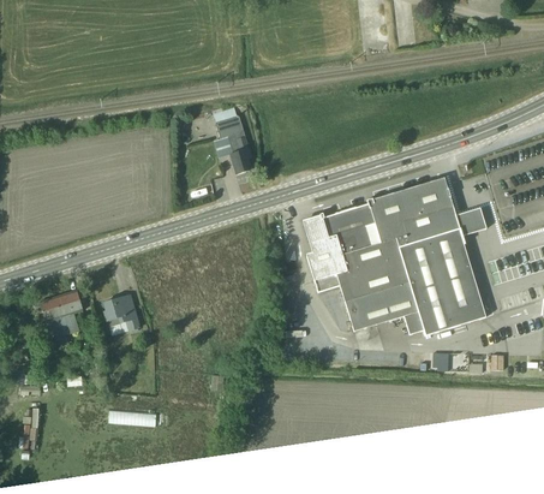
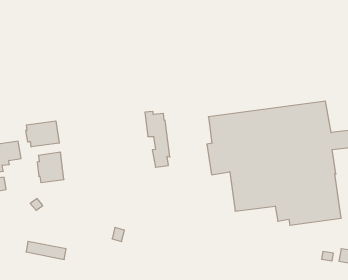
building: [211,106,251,173] -> [145,112,170,167]
building: none -> [26,121,59,147]

